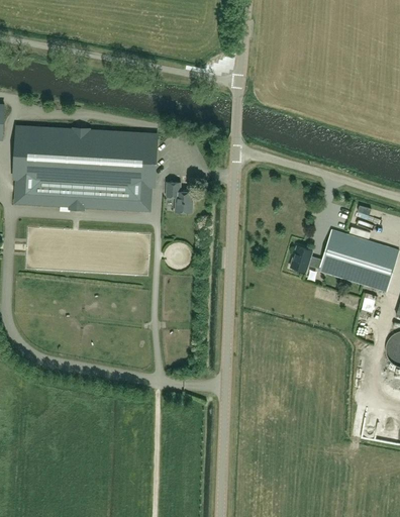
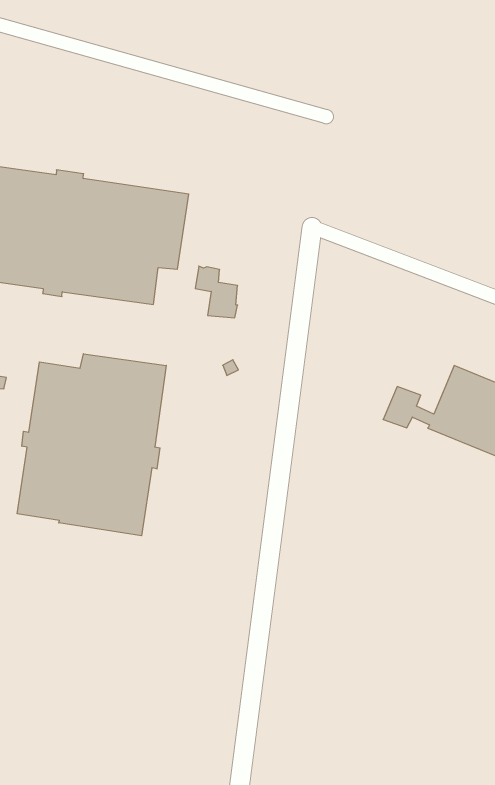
building: none -> [17,354,166,536]

